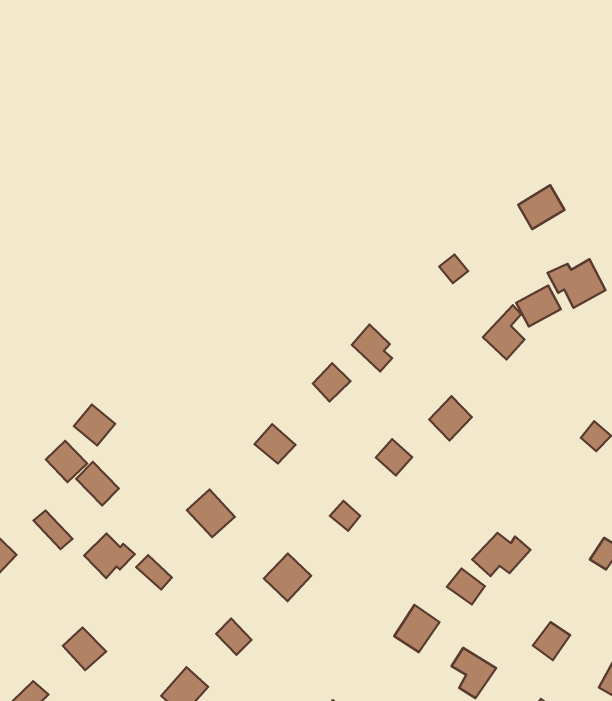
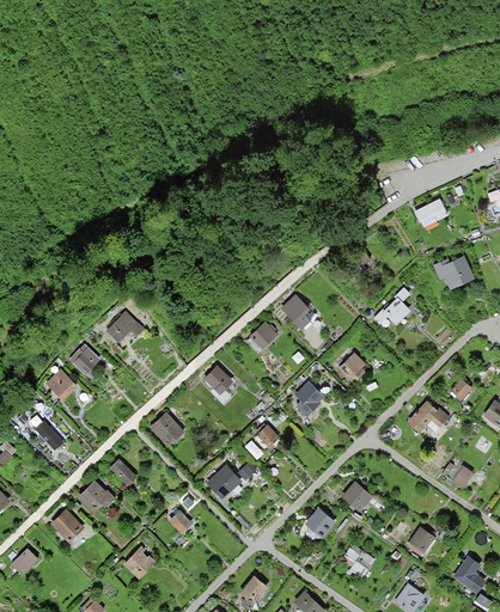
building: [516,285,561,326] -> none
building: none -> [104,310,144,344]
building: [76,462,119,506] -> none
building: [472,533,530,576] -> [407,402,451,434]
building: [84,534,135,578] -> [77,482,115,515]

